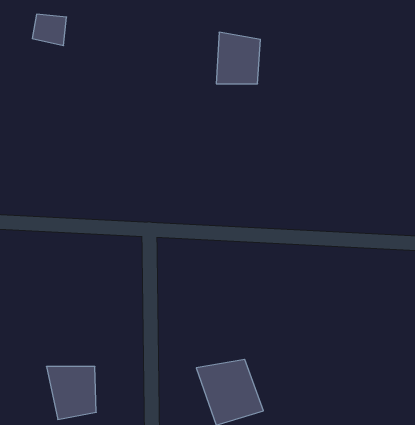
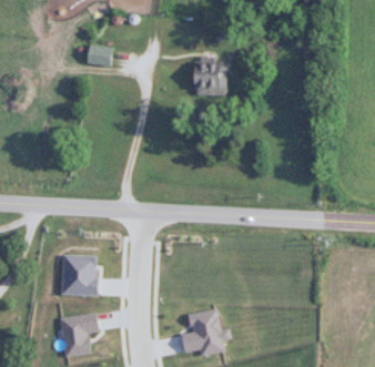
building: [32,14,67,46] -> [85,43,112,68]
building: none -> [60,256,97,295]

